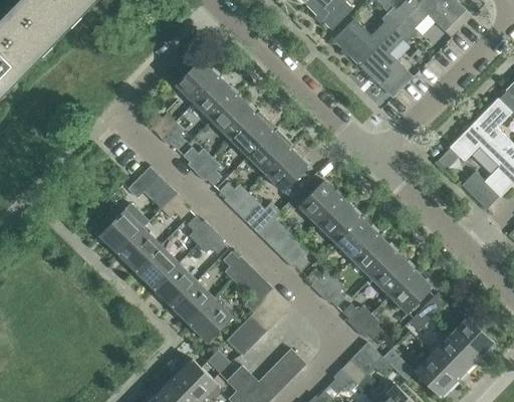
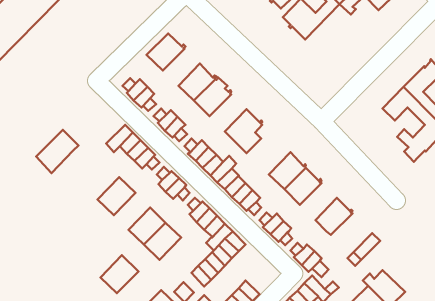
building: [359,25,413,91] -> none
building: [194,77,238,121] -> none
building: [248,129,291,174] -> none
building: [291,180,342,224] -> none
building: [99,203,149,253] -> [36,130,78,173]
building: [353,234,397,277] -> none
building: [137,245,179,288] -> none
building: [390,269,433,313] -> none
building: [190,297,234,342] -> [100,255,138,293]
building: [450,317,494,362] -> none

